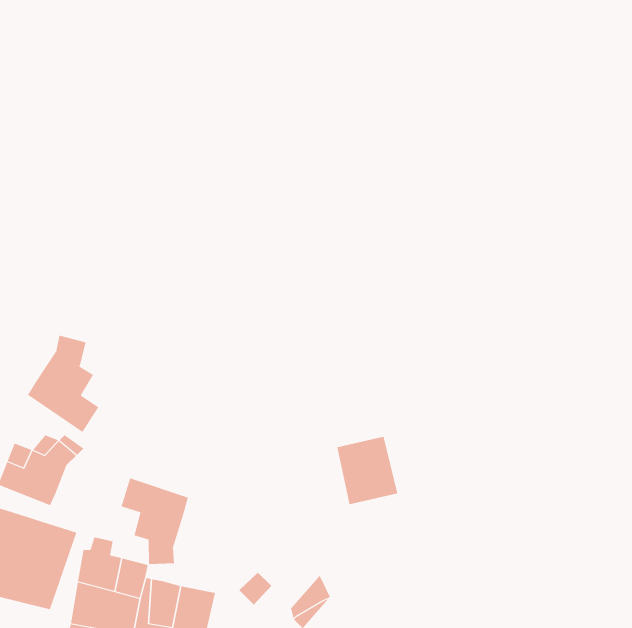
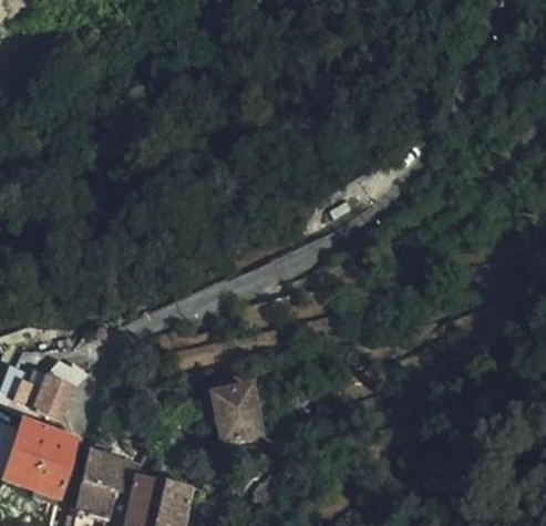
building: [27,335,99,433] -> none
building: [336,436,398,505] -> [213,384,261,439]
building: [121,477,188,565] -> none

